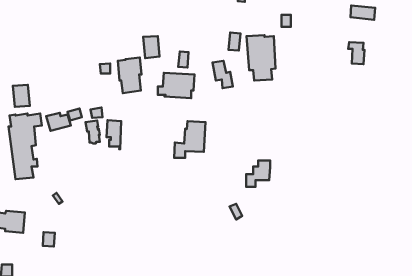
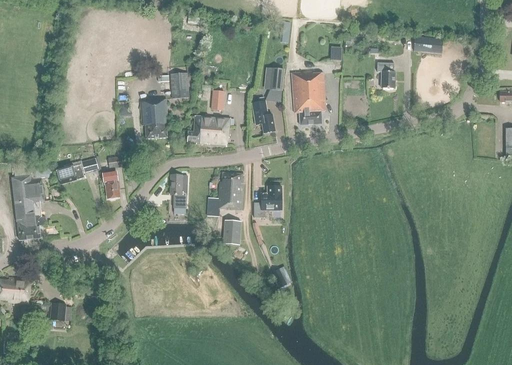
building: [348,42,365,64] -> [376,62,395,88]
building: [13,85,30,107] -> none
building: [107,120,121,149] -> [170,174,187,208]
building: [246,160,270,187] -> [254,186,282,217]
building: none -> [223,219,241,244]

